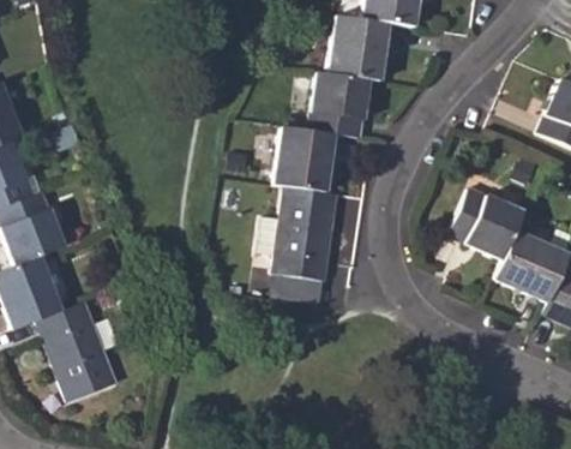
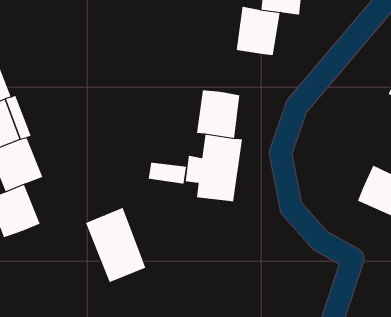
building: [308,70,369,137] -> none
building: [449,186,523,259] -> none
building: [271,273,324,303] -> [148,162,187,184]
building: [36,298,119,401] -> [85,207,146,283]

